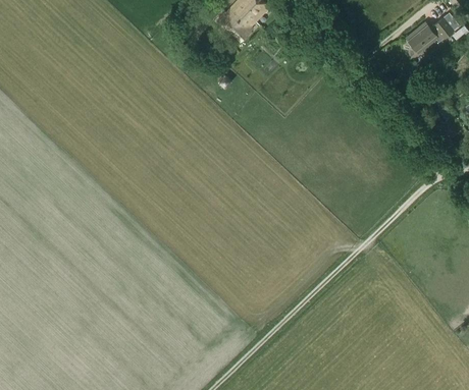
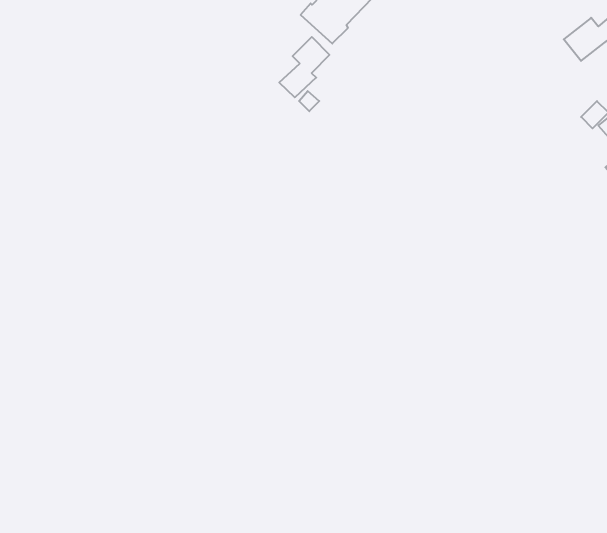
building: none -> [279,37,329,97]

